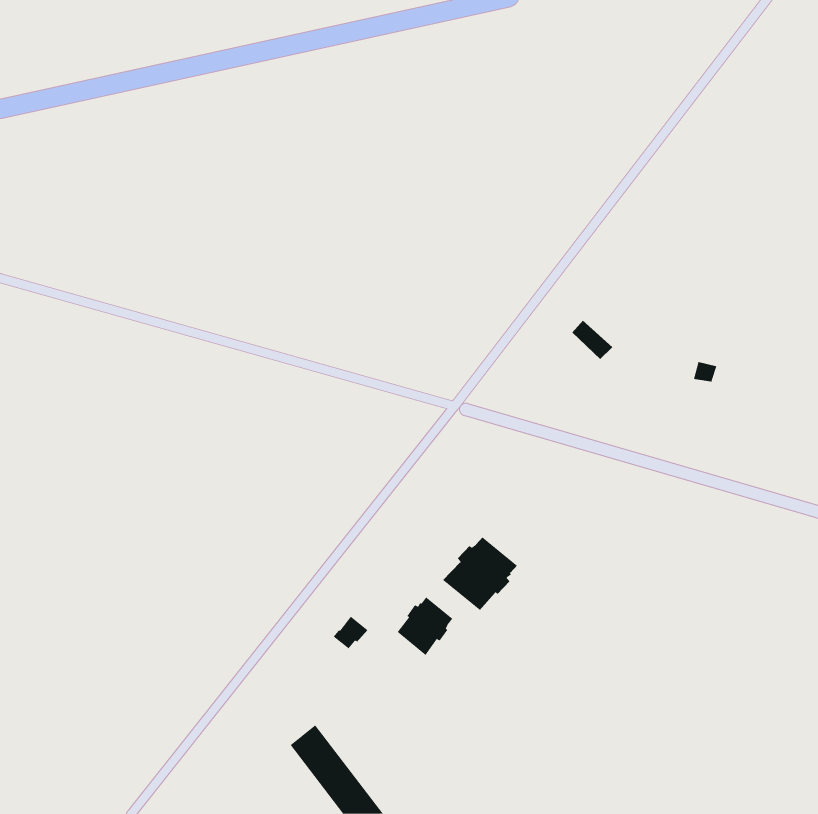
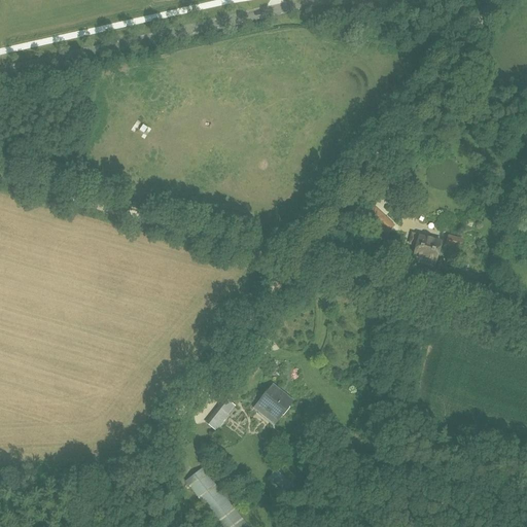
building: none -> [409,232,441,259]
building: [442,536,518,611] -> none

